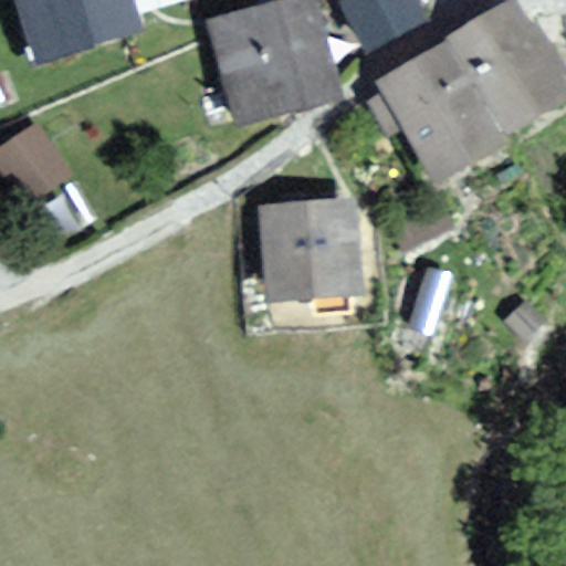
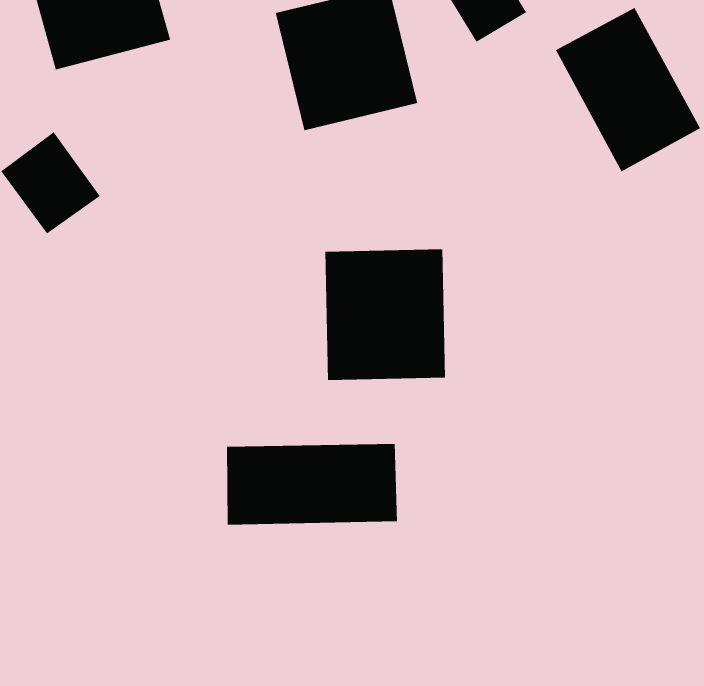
building: [375,51,495,188] -> none
building: none -> [226,443,398,525]

